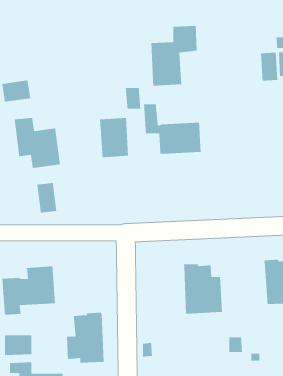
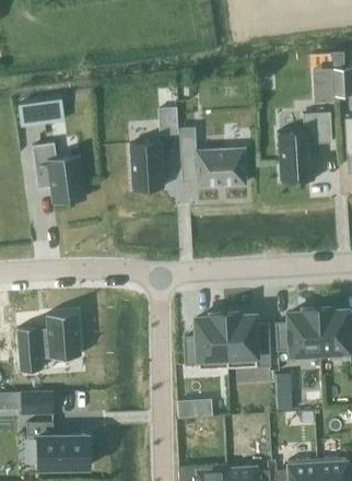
building: [151,25,198,87] -> [278,113,331,183]
building: [36,182,57,214] -> none
building: none -> [275,306,320,360]
building: [66,312,104,364] -> [184,310,227,369]

